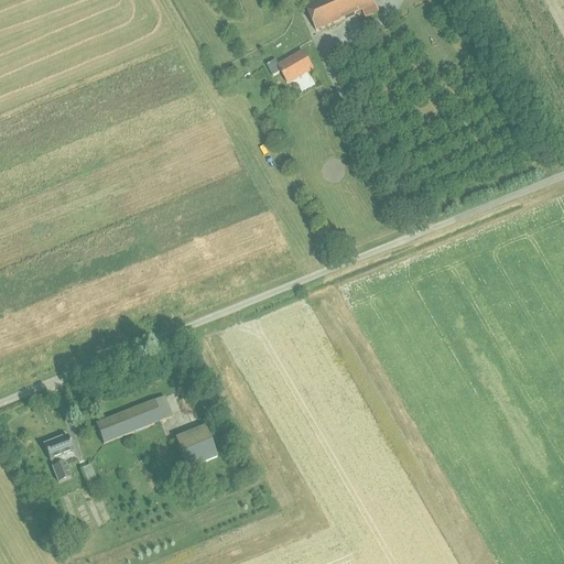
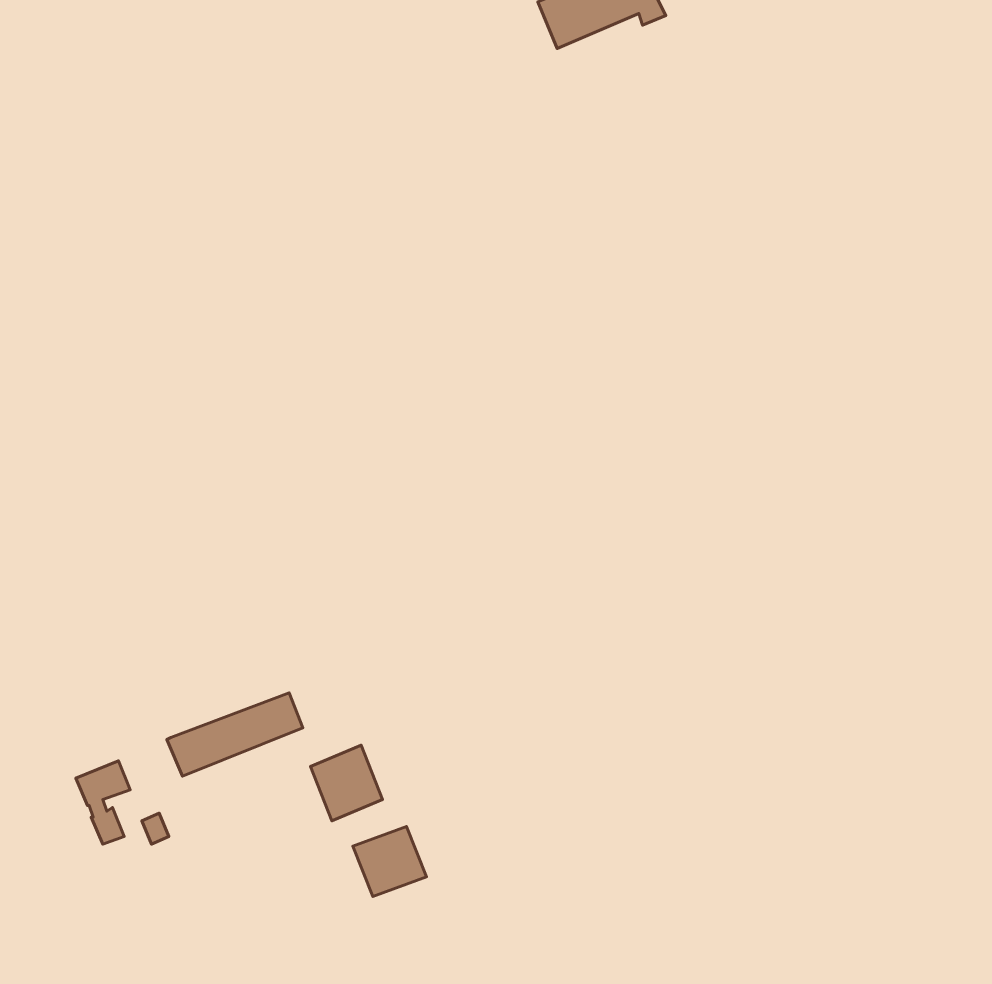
building: [265,48,313,80] -> none
building: none -> [353,827,426,897]

